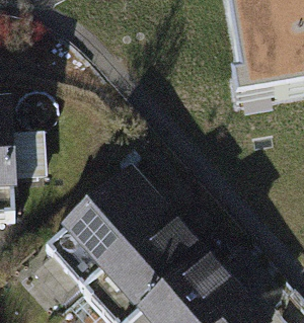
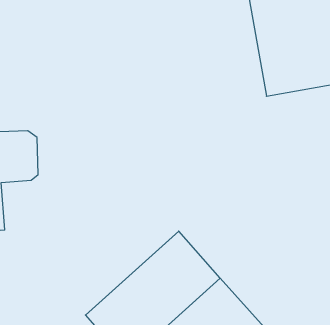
building: [48,171,168,287] -> none

